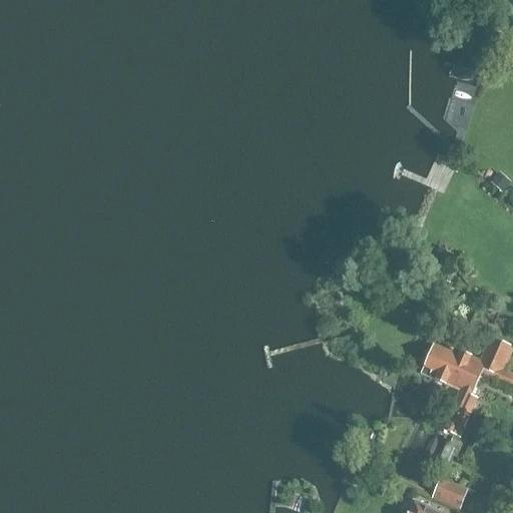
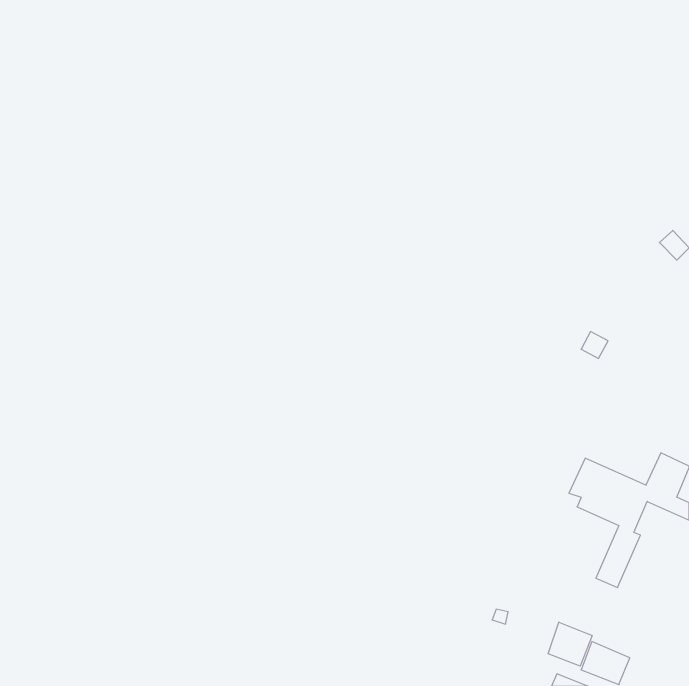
building: none -> [548,622,592,666]

